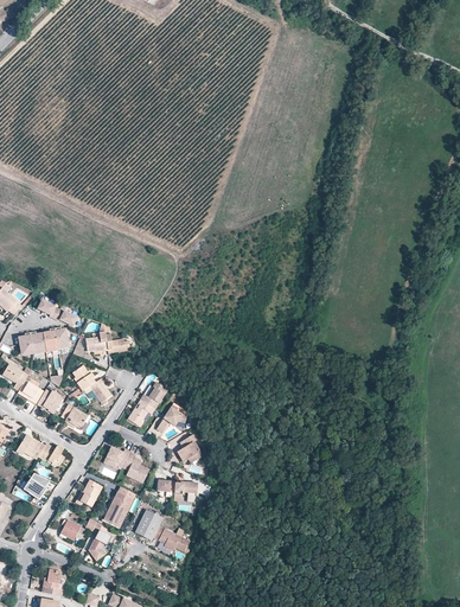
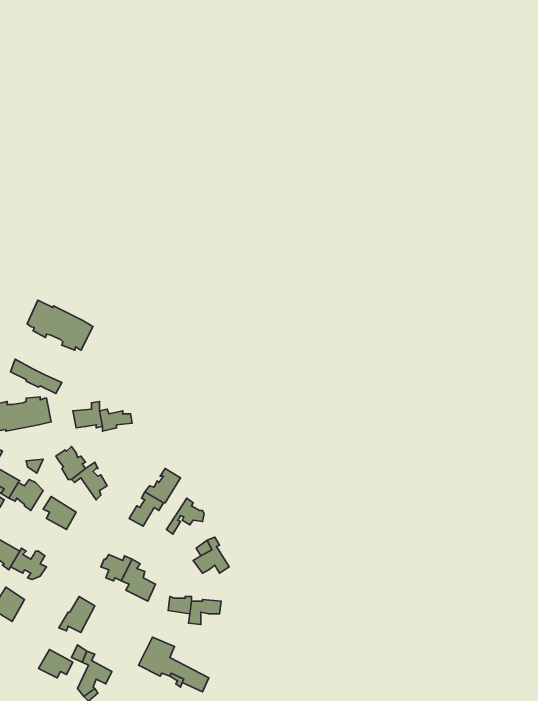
building: none -> [27,300,93,350]
building: [103,485,135,526] -> none

